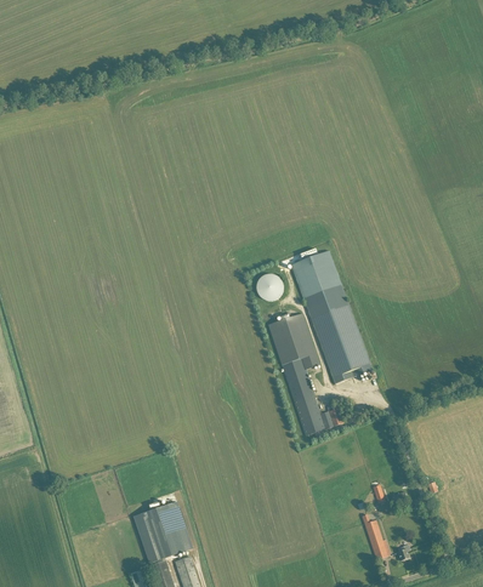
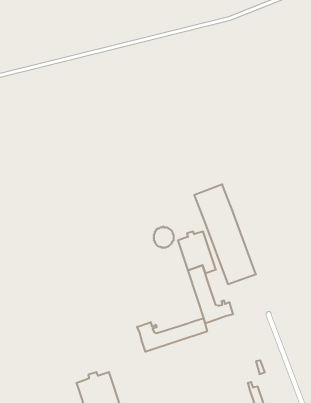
building: [256,273,283,301] -> [154,227,174,247]
building: none -> [137,318,207,352]

